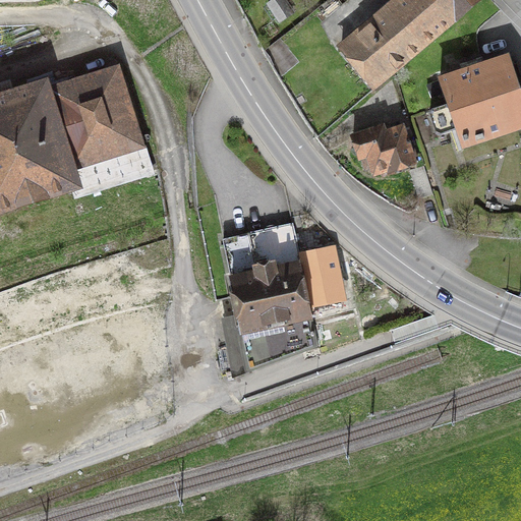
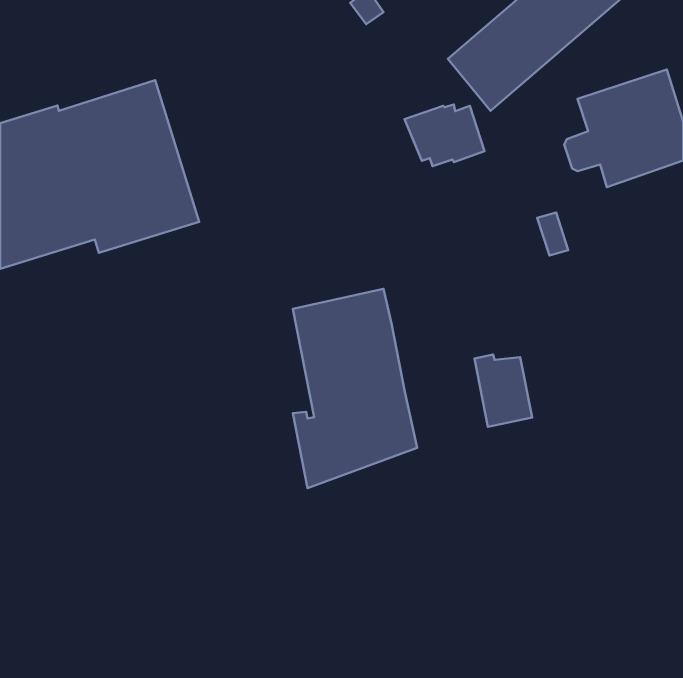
building: [352,123,413,170] -> [404,105,485,166]
building: [298,243,342,298] -> [475,355,532,427]

